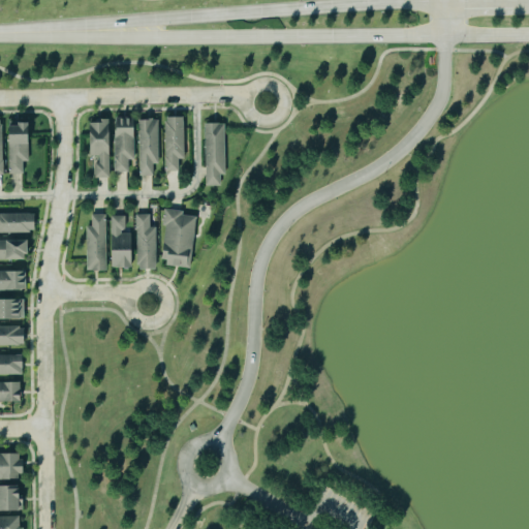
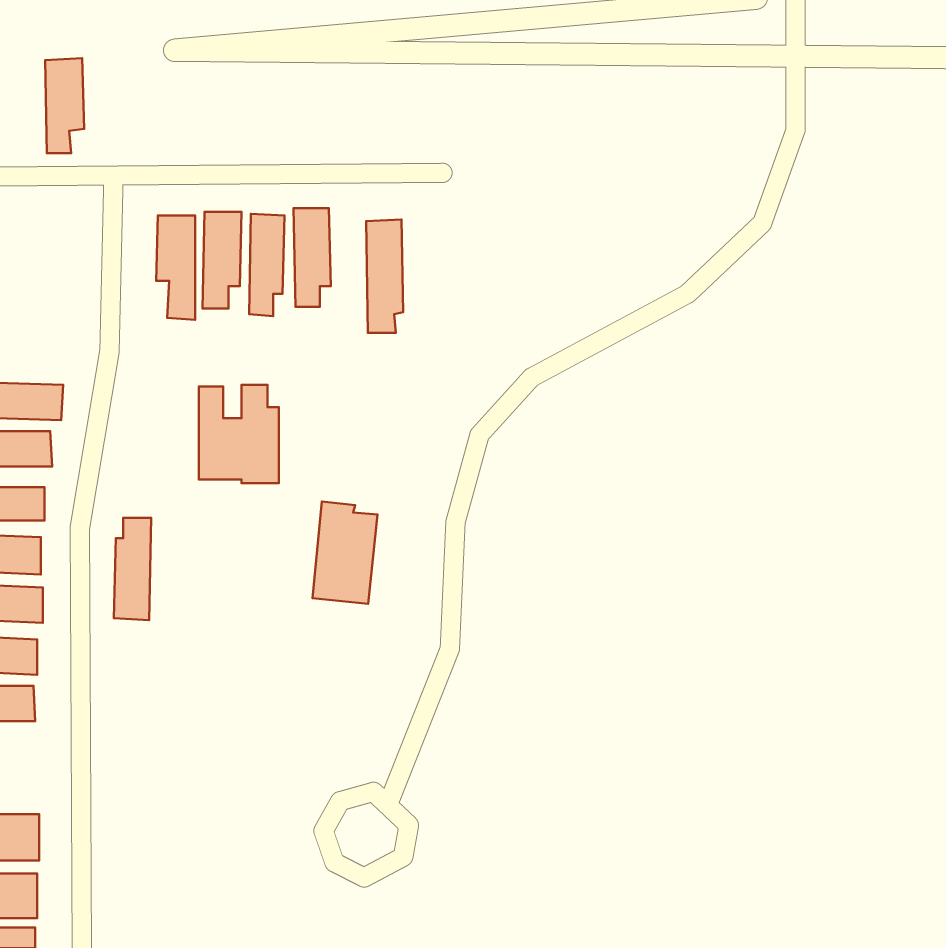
building: [8,121,30,174] -> [45,58,84,153]
building: [159,209,195,266] -> [312,501,377,604]
building: [85,214,105,271] -> [114,518,151,620]

